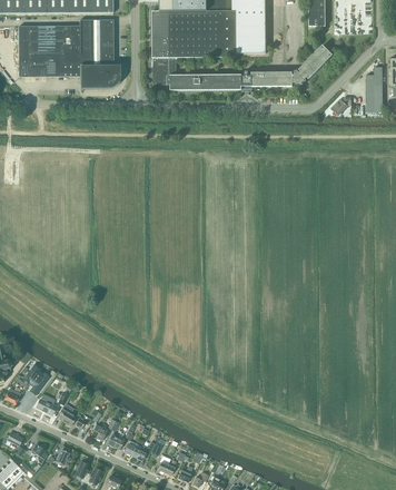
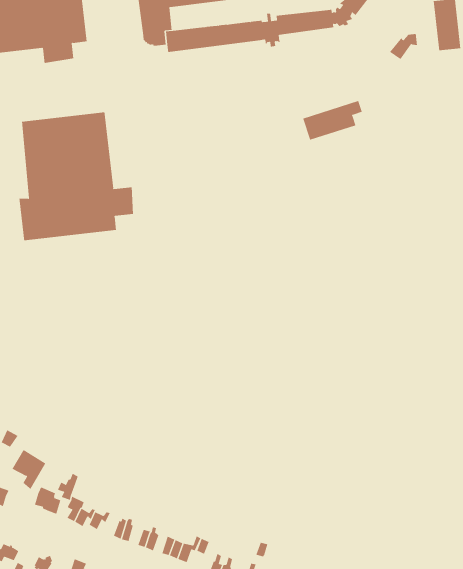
building: none -> [19,112,134,241]
building: none -> [303,100,362,141]

